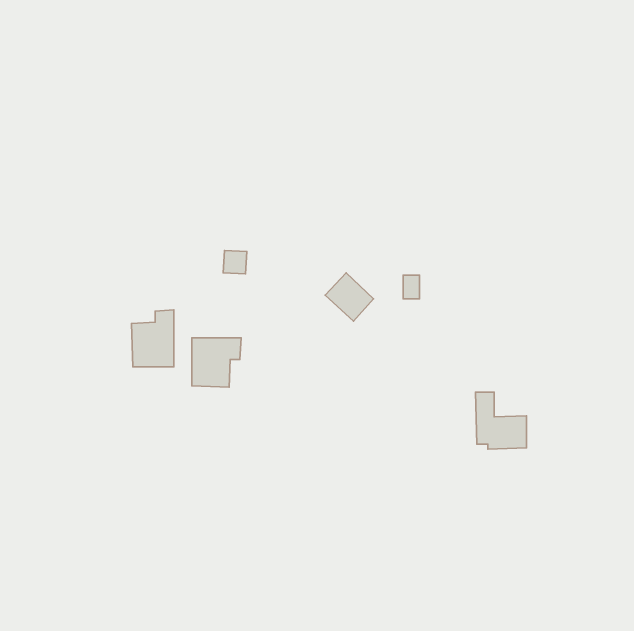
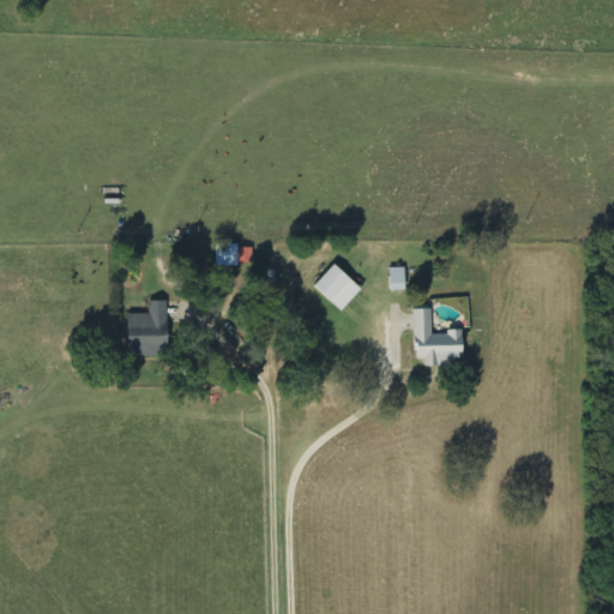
building: [192,338,241,387] -> none
building: [476,392,526,449] -> [414,308,463,363]

